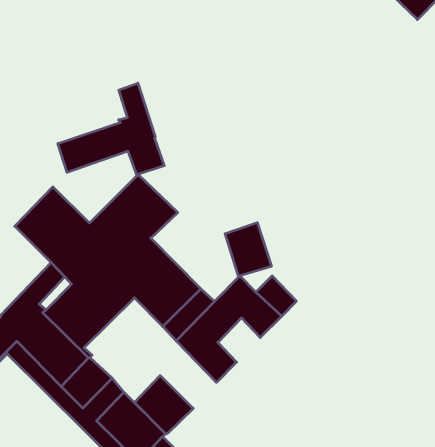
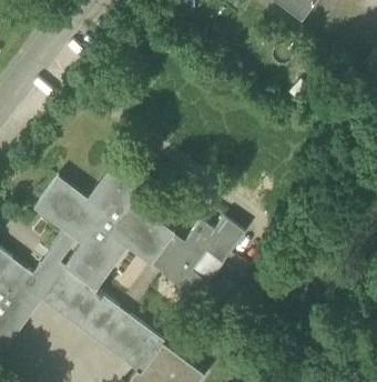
building: [58,83,164,175] -> none
building: [225,223,271,276] -> none
building: [134,376,193,434] -> none

